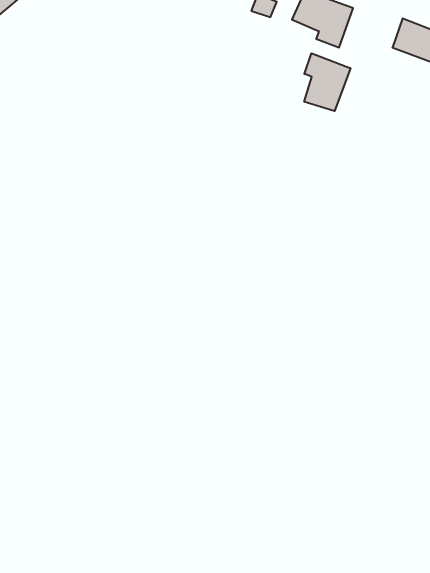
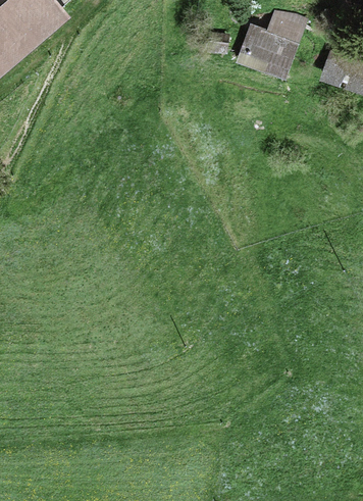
building: [304,53,350,111] -> none

